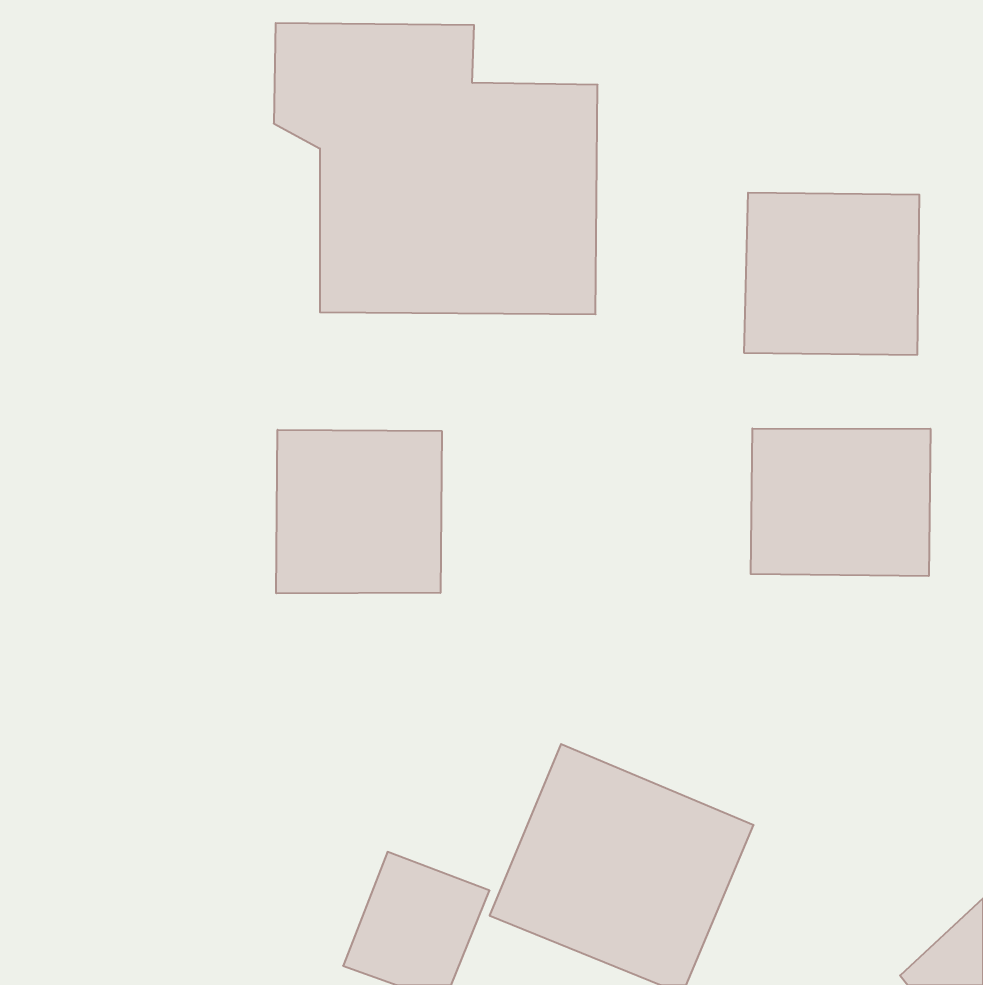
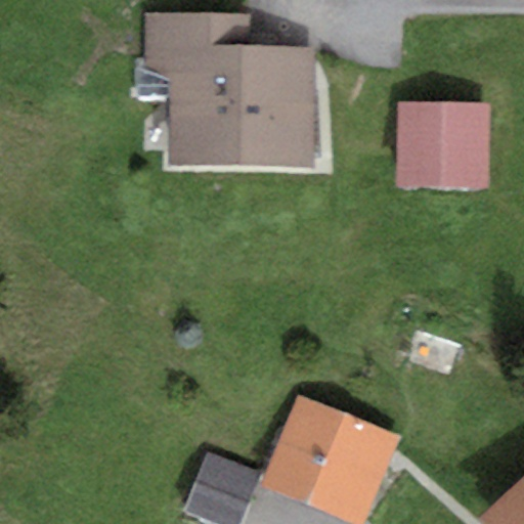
building: [751,428,930,576] -> none
building: [276,430,442,593] -> none

